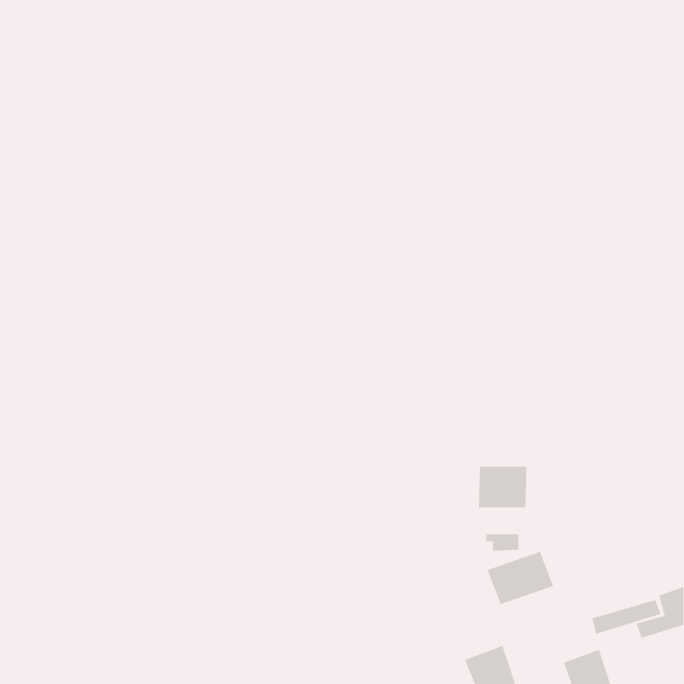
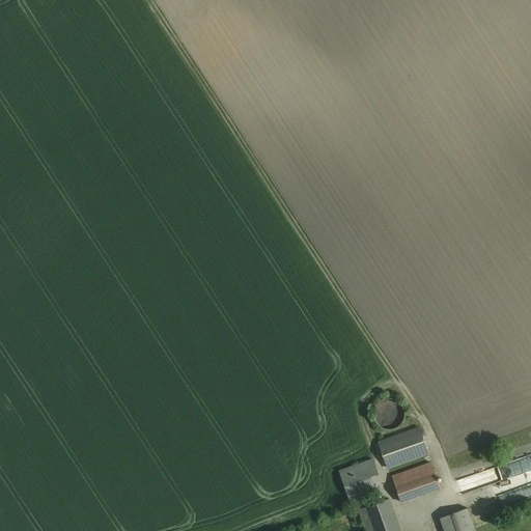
building: [479,466,527,508] -> none
building: none -> [334,452,380,495]
building: none -> [387,454,441,505]

